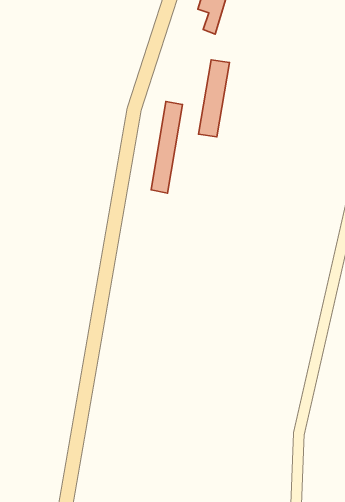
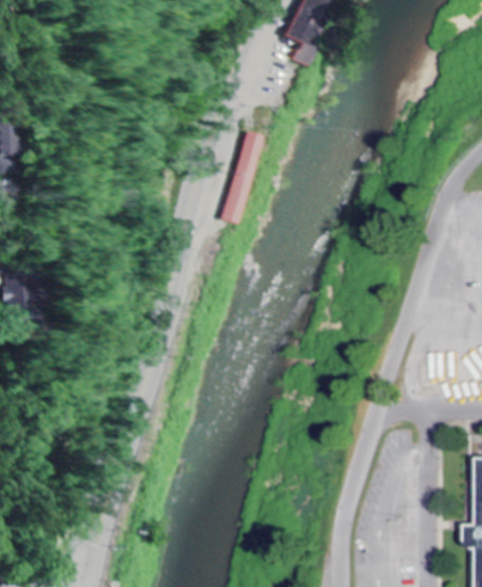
building: [199,60,229,137] -> none

